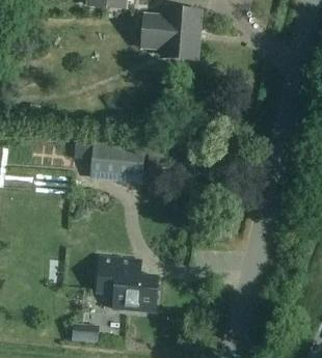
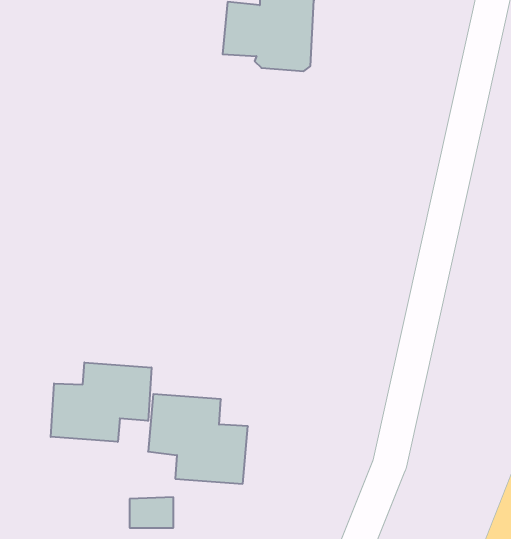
building: [89,139,145,184] -> none
building: none -> [51,362,151,442]

